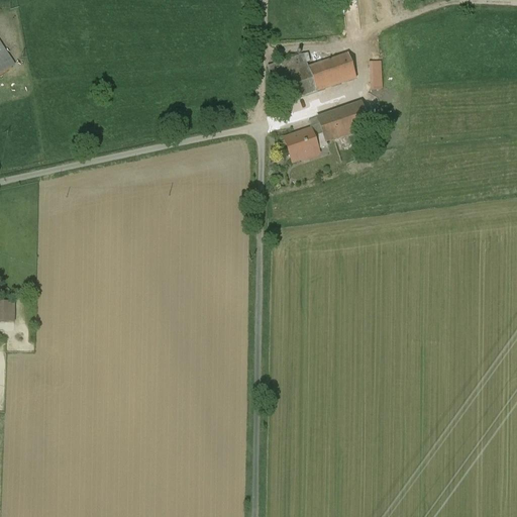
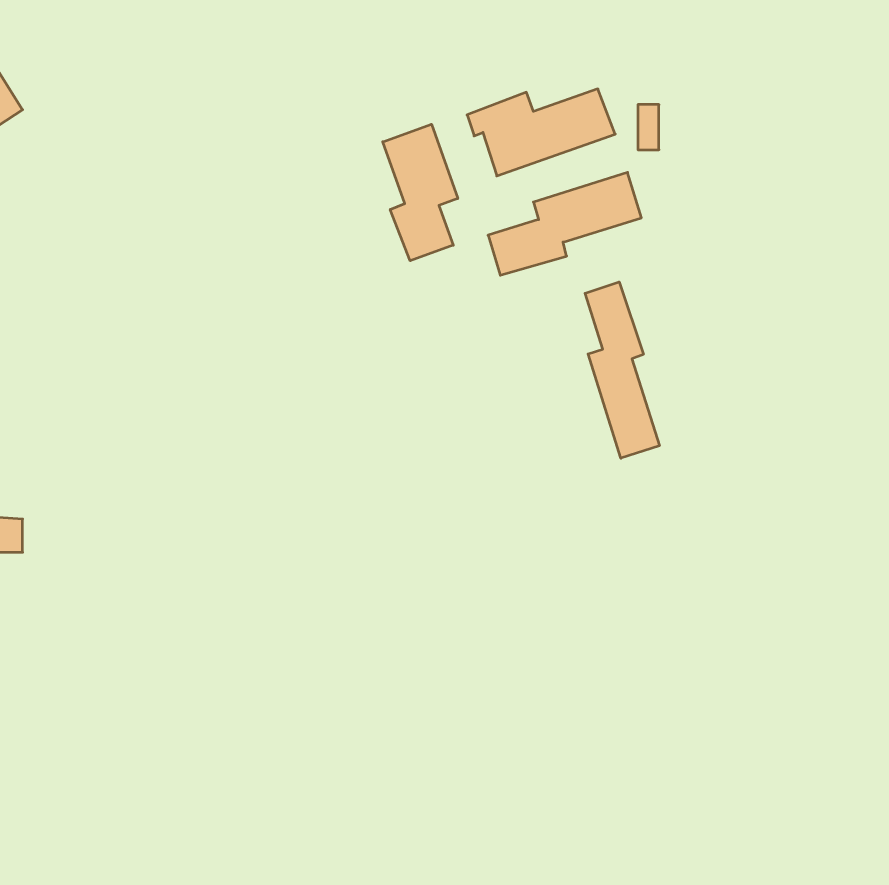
building: none -> [383,124,458,261]
building: none -> [585,282,659,458]

